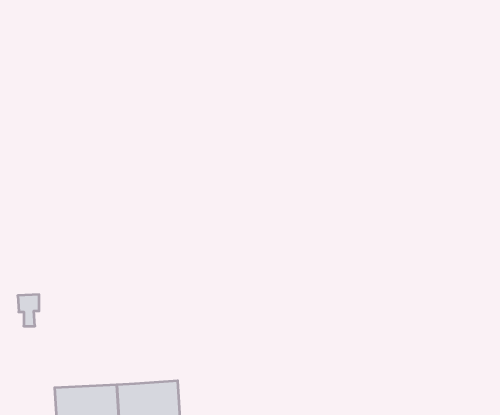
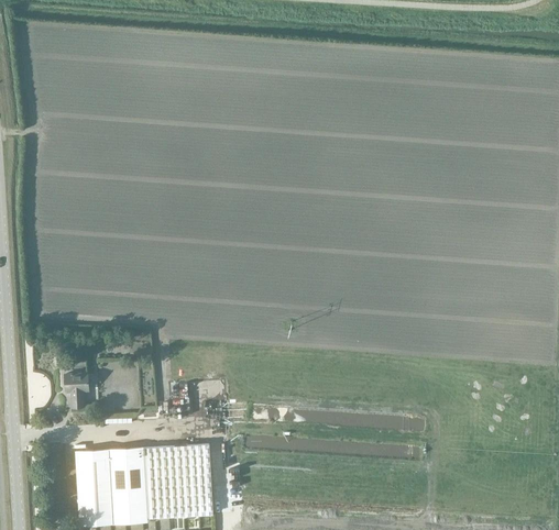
building: [18,295,39,326] -> [64,374,87,408]

